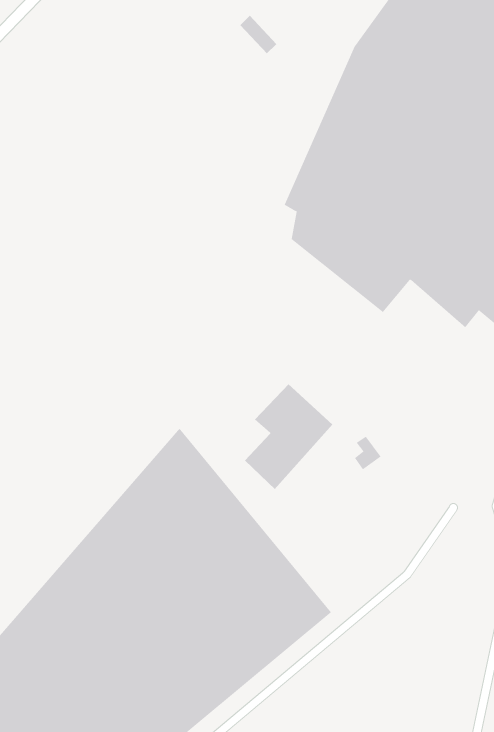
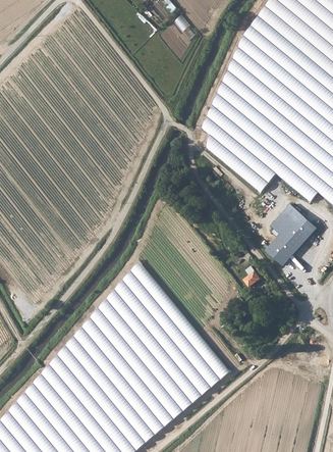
building: [244,384,333,490] -> [262,204,315,267]

